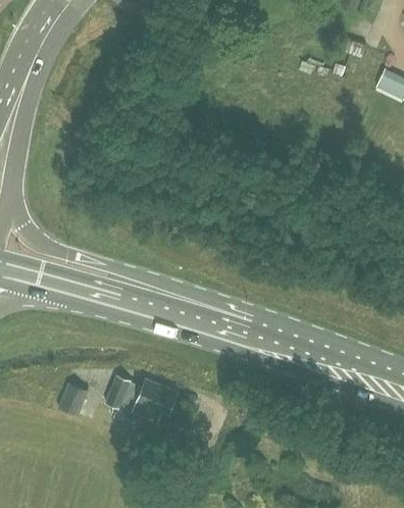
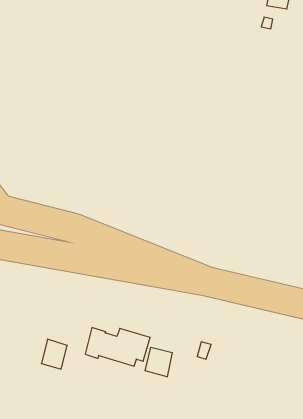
building: none -> [145,347,172,377]

